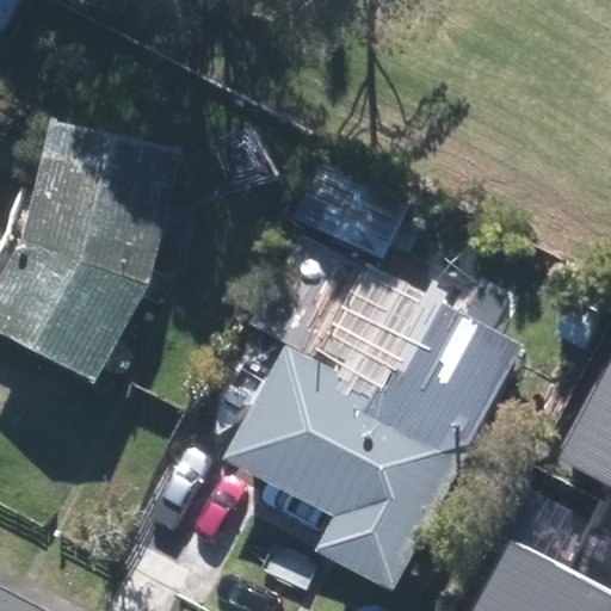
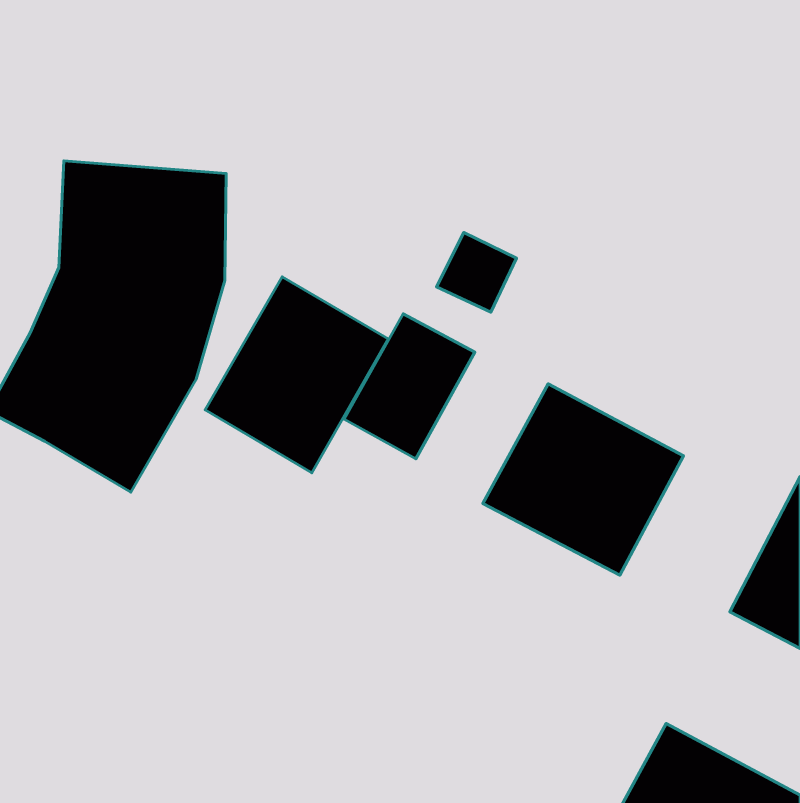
building: none -> [205,277,388,473]
building: [235,357,462,576] -> none

